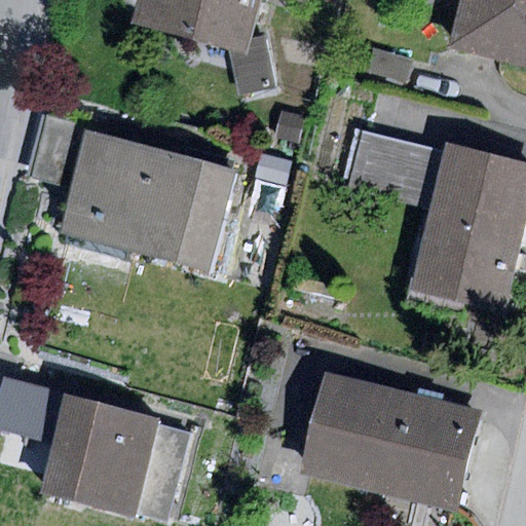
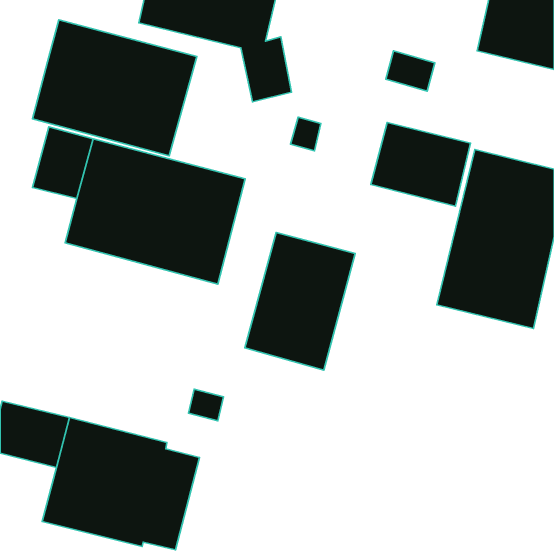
building: none -> [33,20,197,156]
building: none -> [245,232,355,370]
building: [303,373,477,509] -> none

